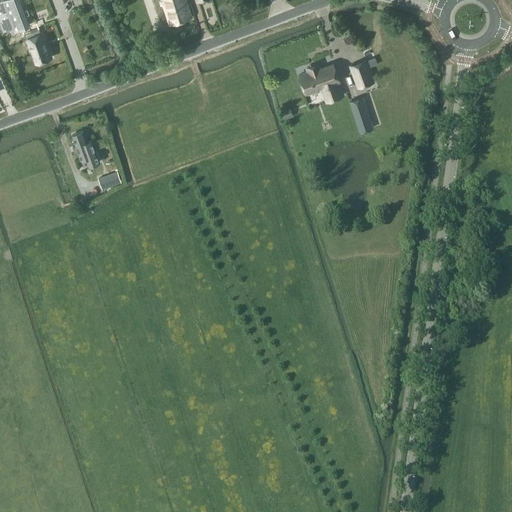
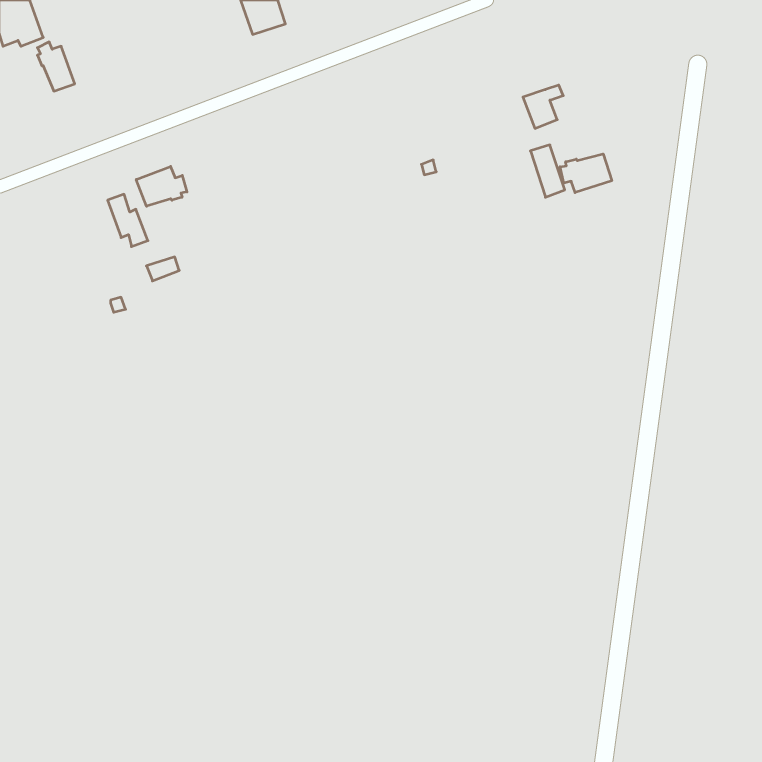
building: [299,65,342,99] -> none
building: none -> [560,154,612,193]
building: none -> [136,166,187,206]

